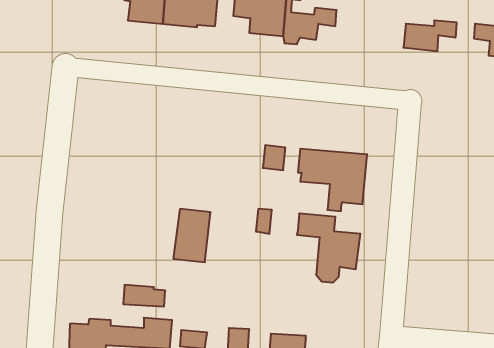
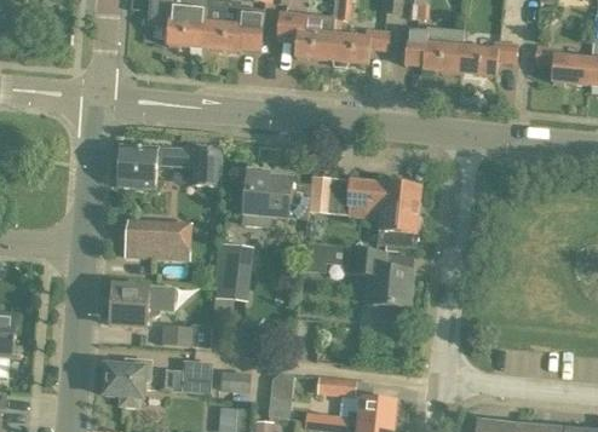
building: none -> [406,25,464,70]
building: none -> [117,145,223,188]
building: none -> [243,168,294,226]
building: none -> [123,219,201,258]
building: none -> [109,284,178,327]

